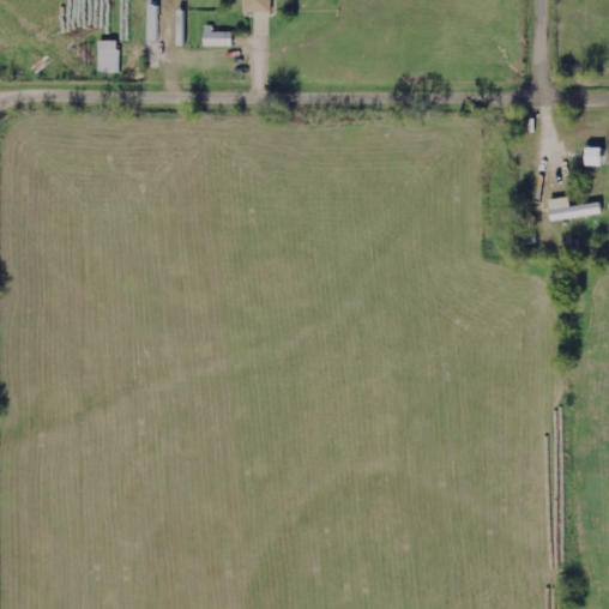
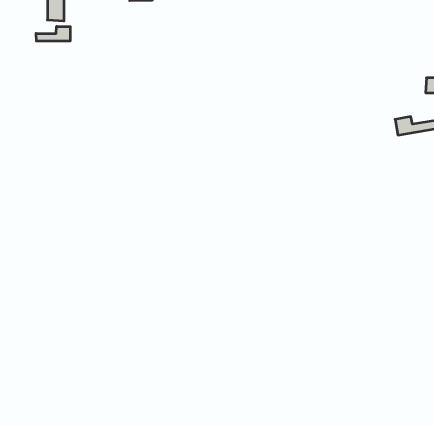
building: none -> [36,26,70,41]

